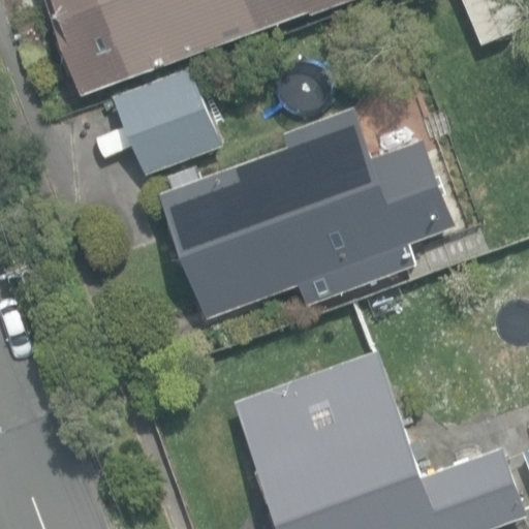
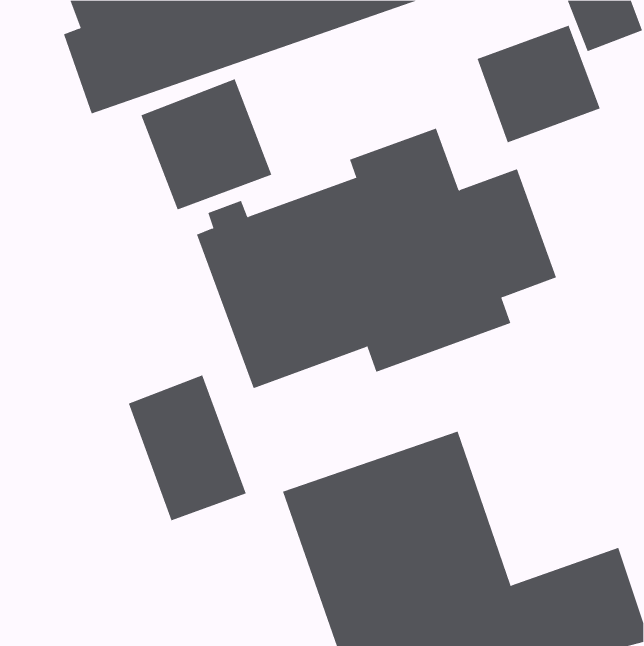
building: none -> [477,25,601,143]
building: none -> [128,375,246,521]

